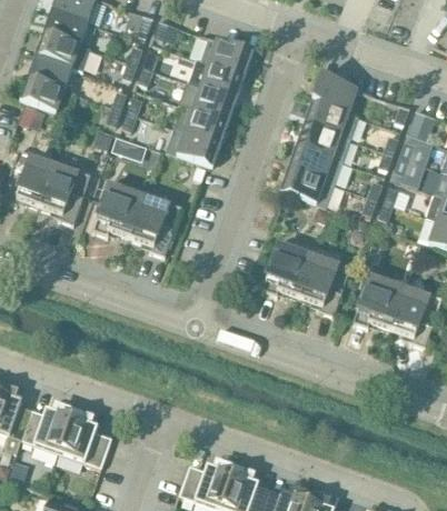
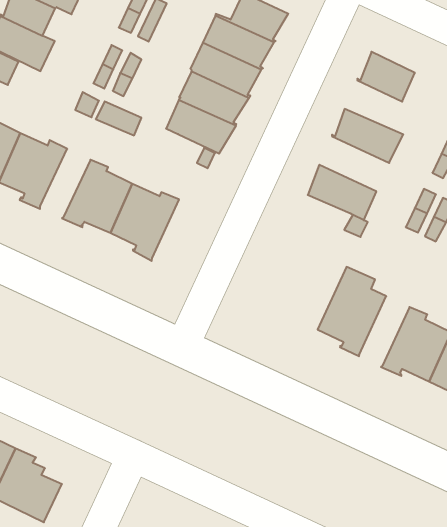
building: [305,98,360,137] -> none
building: [289,143,344,183] -> none
building: [262,236,318,295] -> none

